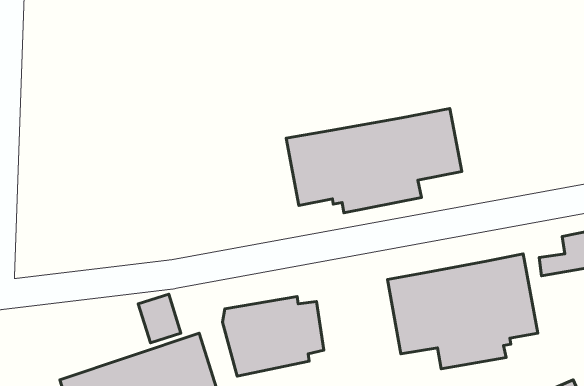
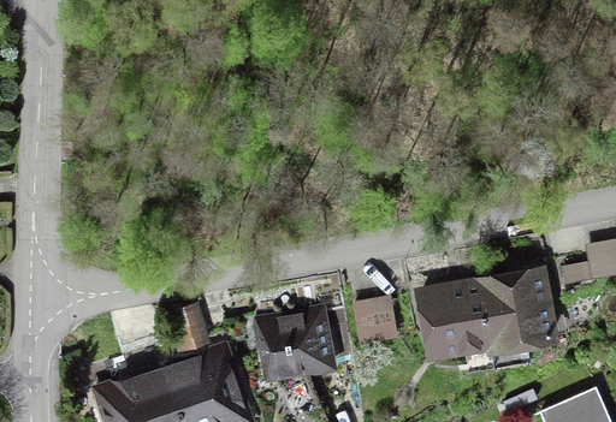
building: [286,109,462,213] -> none
building: none -> [351,297,397,346]

